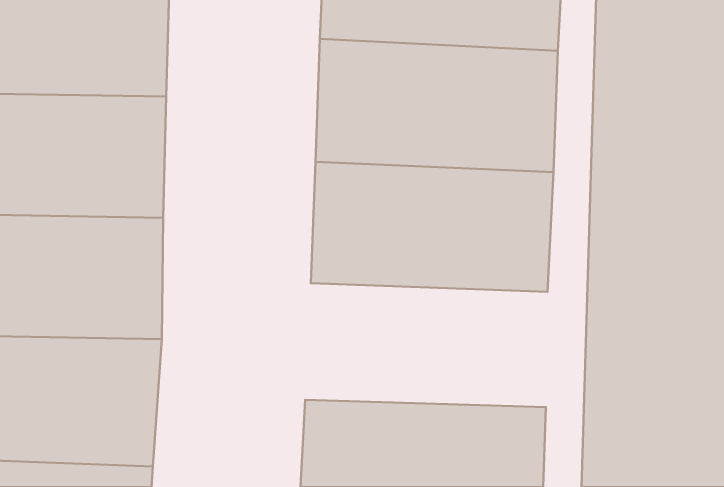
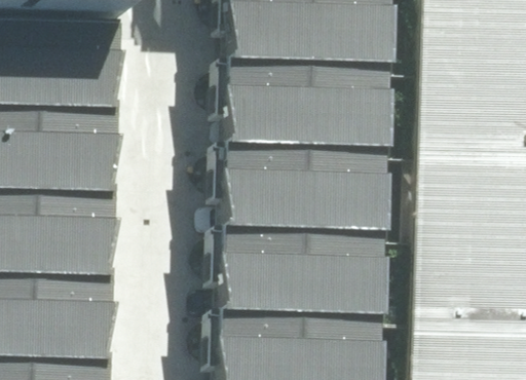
building: none -> [218,237,386,324]

